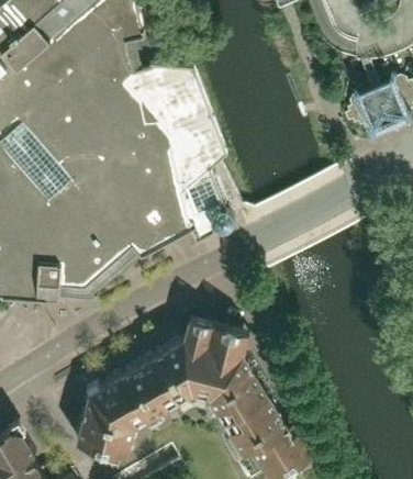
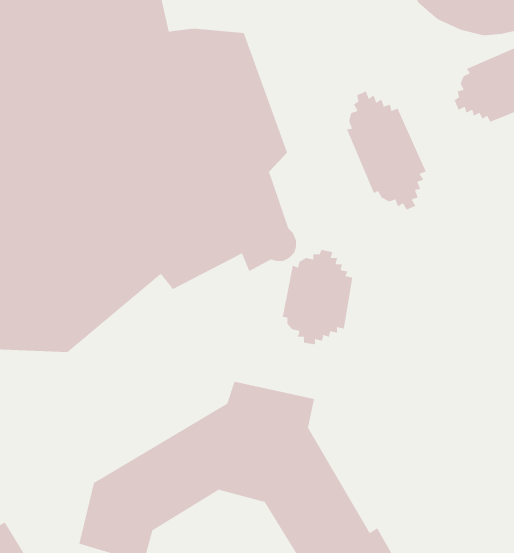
building: none -> [346,91,426,210]
building: none -> [282,249,353,345]

